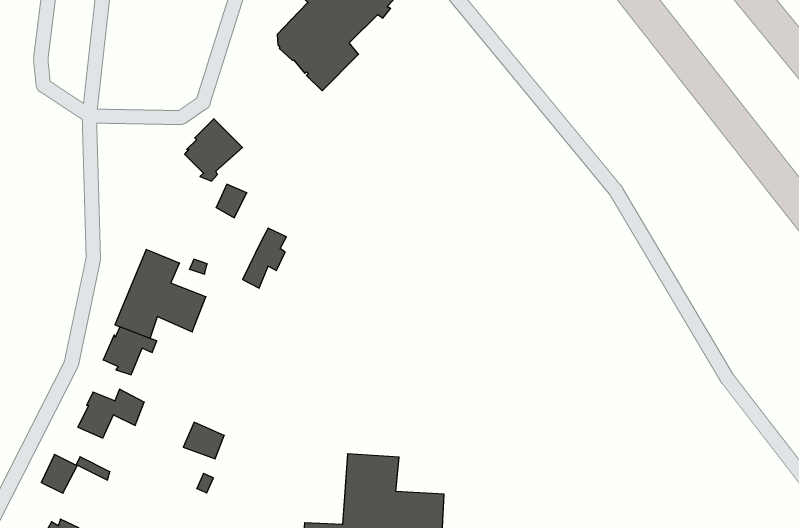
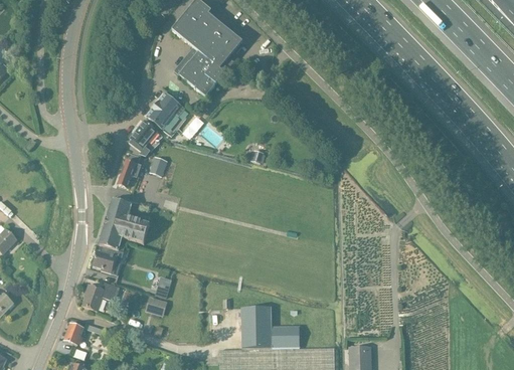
building: none -> [147,91,185,128]
building: [243,228,286,288] -> [118,152,141,187]

